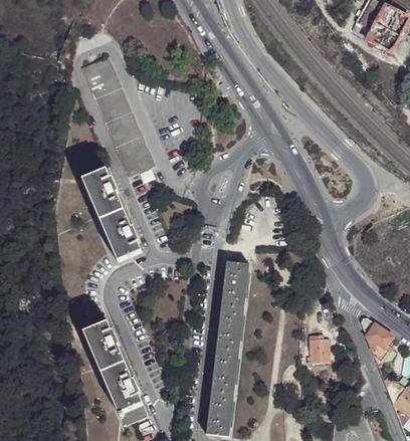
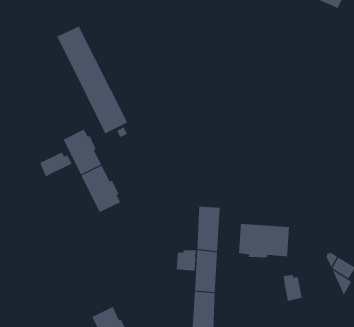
building: none -> [40,152,72,177]
building: none -> [238,223,290,258]
building: none -> [176,250,196,272]
building: [82,319,126,373] -> none

